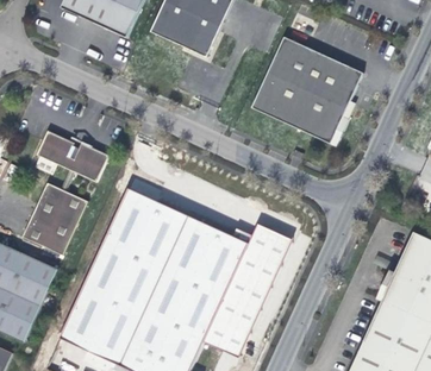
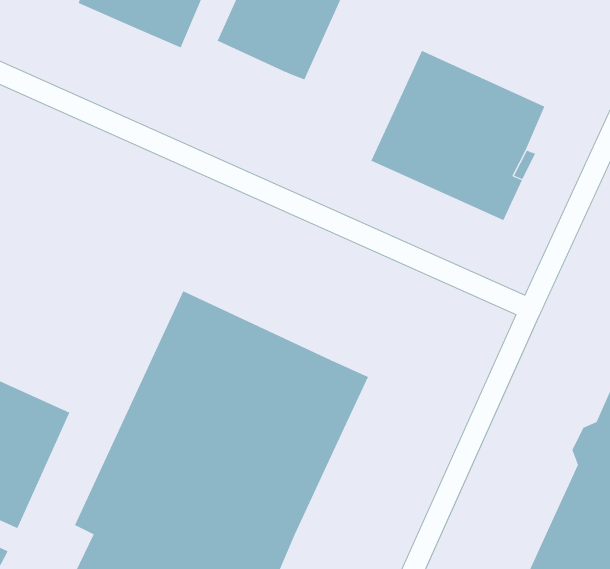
building: [21,128,110,253] -> none
building: [201,225,289,360] -> none

